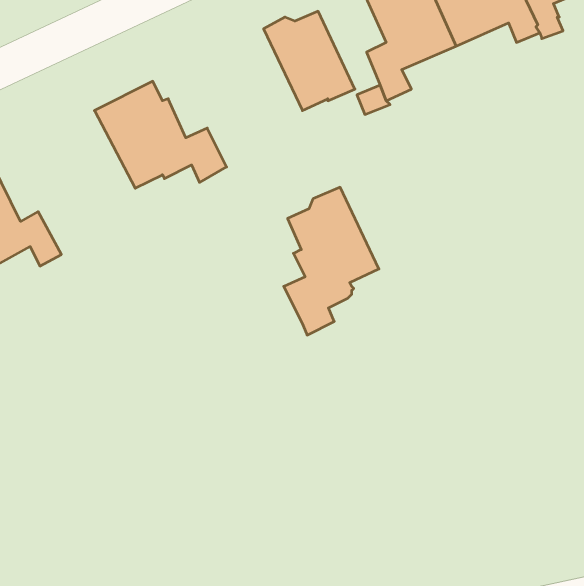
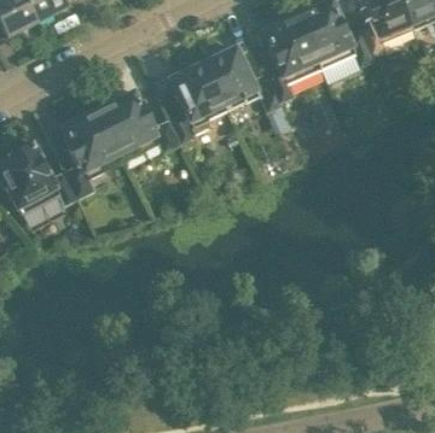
building: none -> [62,109,122,198]
building: [284,187,379,335] -> [167,58,226,150]

